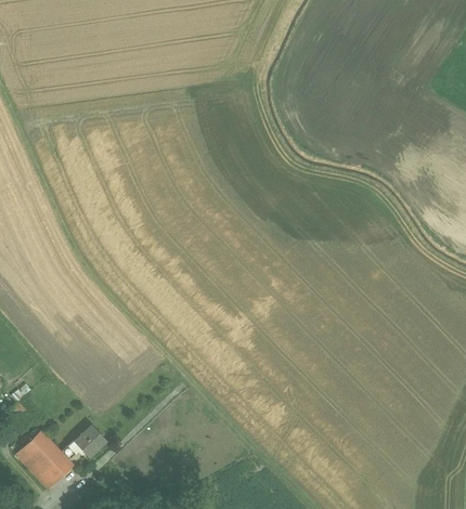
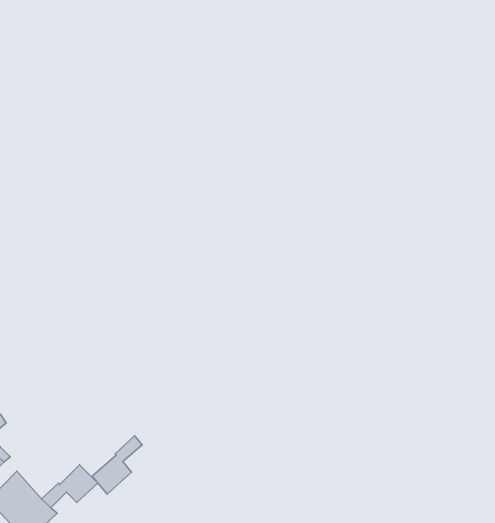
building: none -> [92,436,142,494]

